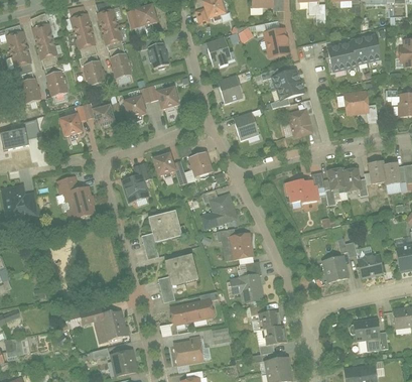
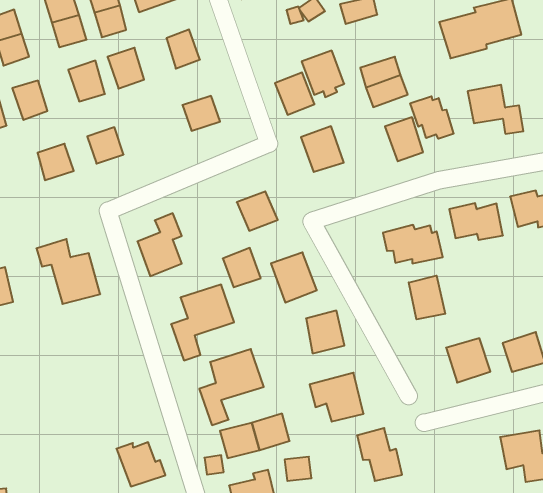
building: [205,36,233,67] -> [302,51,344,97]
building: none -> [410,96,454,139]
building: [123,95,147,118] -> none
building: [152,151,176,176] -> [223,248,261,287]
building: none -> [409,276,445,319]

